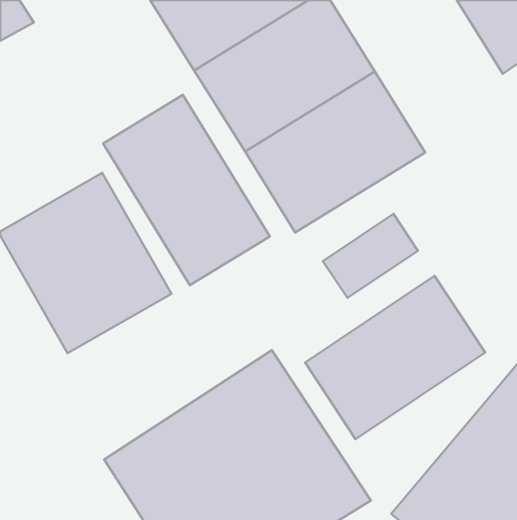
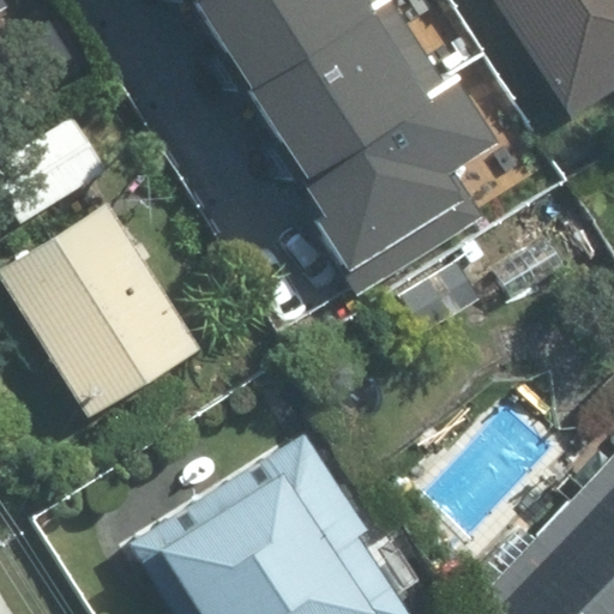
building: [103,95,270,285] -> none
building: [305,276,485,439] -> none

